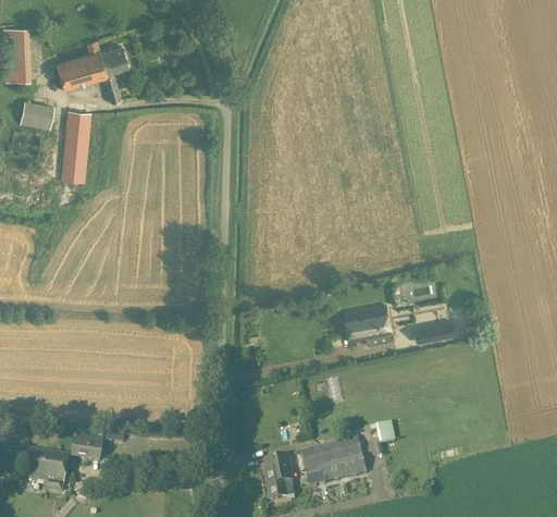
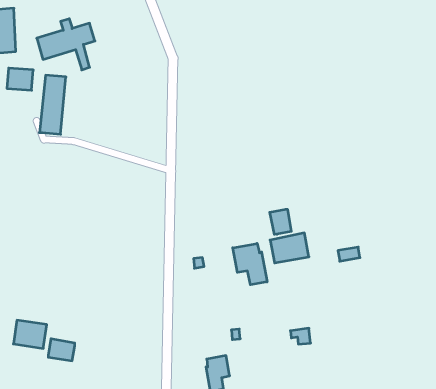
building: none -> [270,209,291,234]
building: none -> [233,243,267,285]
building: [300,436,367,485] -> none
building: [26,448,67,483] -> [13,320,47,348]

